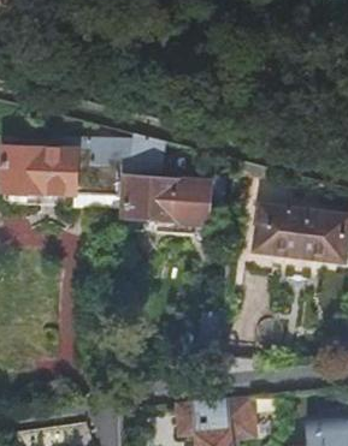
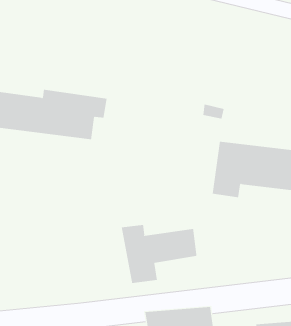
building: [120,133,224,221] -> none
building: none -> [121,224,197,284]

